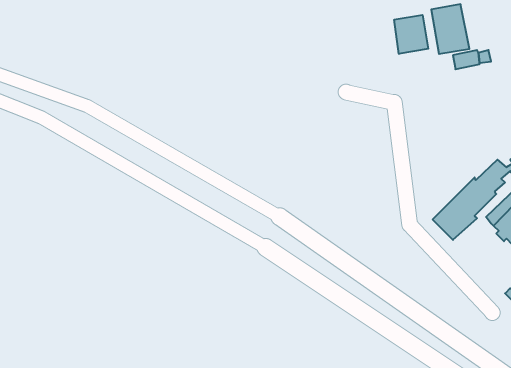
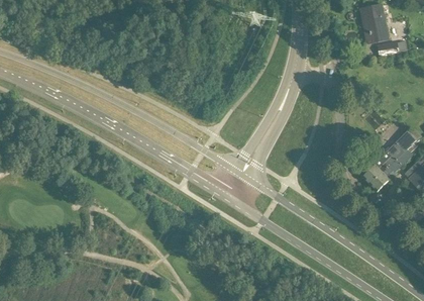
building: [394,15,428,54] -> none

